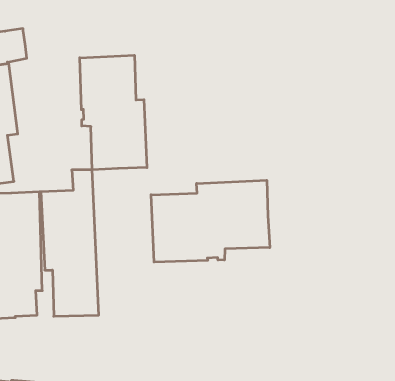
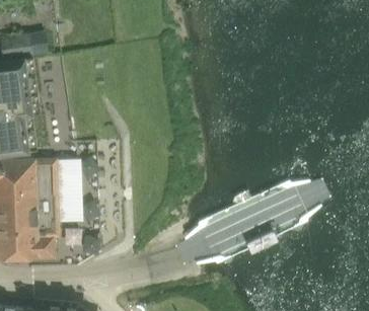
building: [80,55,147,170] -> none
building: [151,180,270,262] -> none

